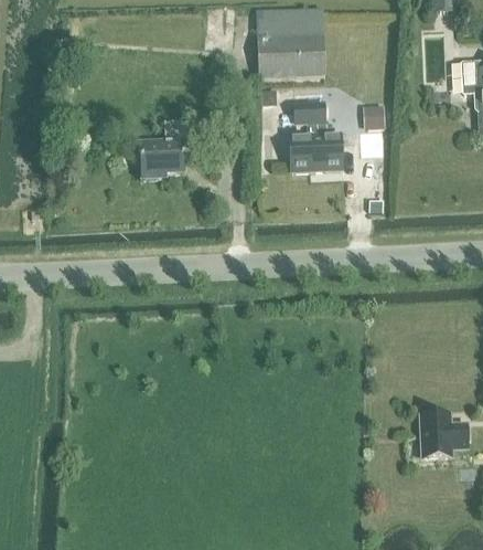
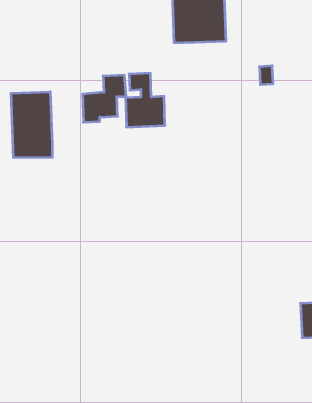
building: [289,101,340,170] -> [126,73,165,127]
building: none -> [11,92,52,158]

